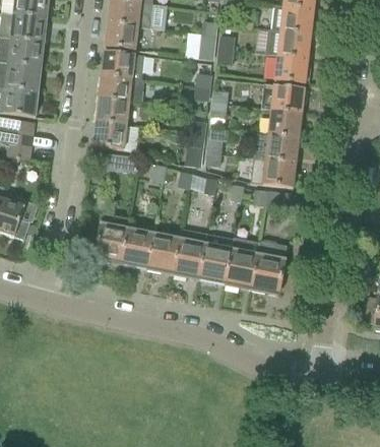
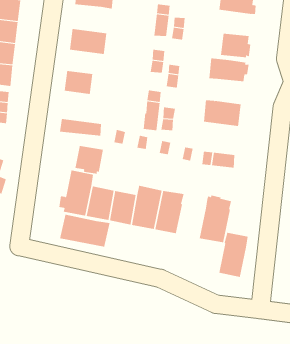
building: [105,21,138,49] -> none
building: [266,27,311,57] -> none
building: [99,73,145,102] -> none
building: [268,107,302,135] -> none
building: [92,120,126,148] -> none
building: [251,155,296,187] -> none
building: none -> [75,145,104,175]
building: [225,237,259,289] -> [218,232,249,277]
building: none -> [59,214,110,248]

